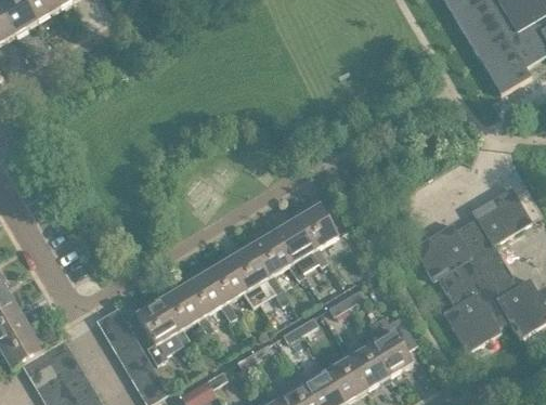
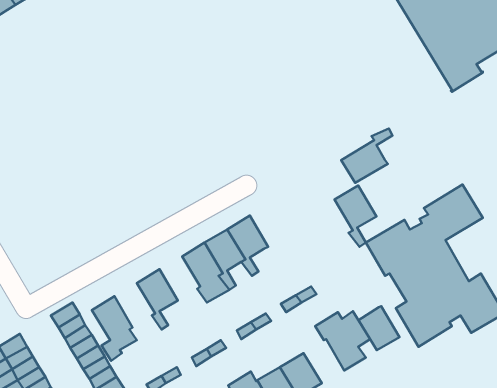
building: none -> [341,128,392,183]
building: [296,205,338,266] -> [335,185,377,247]
building: [205,260,246,321] -> none
building: [159,287,200,348] -> none
building: [350,343,391,388] -> [359,306,399,350]

